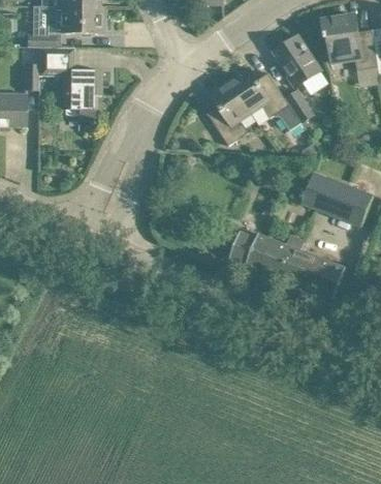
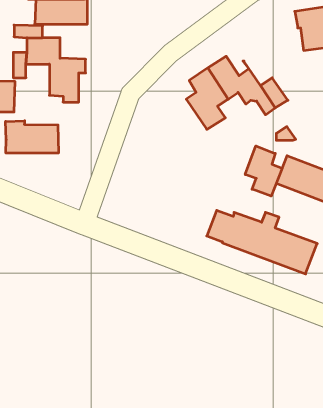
building: [274,34,326,93] -> none
building: none -> [6,121,58,153]
building: none -> [245,146,282,196]

